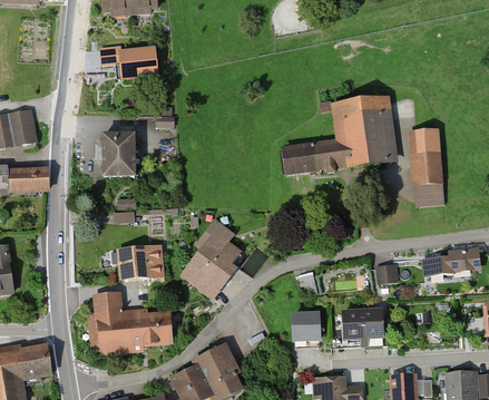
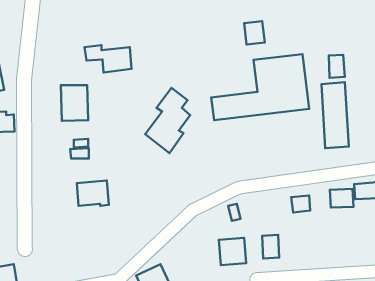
building: [100,46,156,78] -> [85,45,132,73]
building: none -> [244,21,265,45]
building: none -> [329,55,345,78]
building: [184,218,237,295] -> [145,88,190,153]
building: [90,293,173,354] -> none
building: [360,310,381,338] -> none

